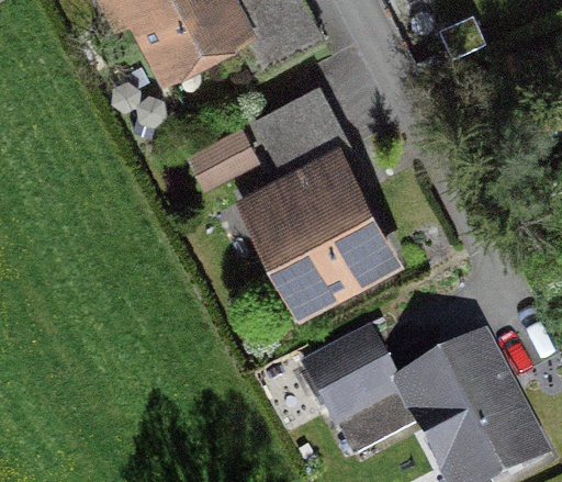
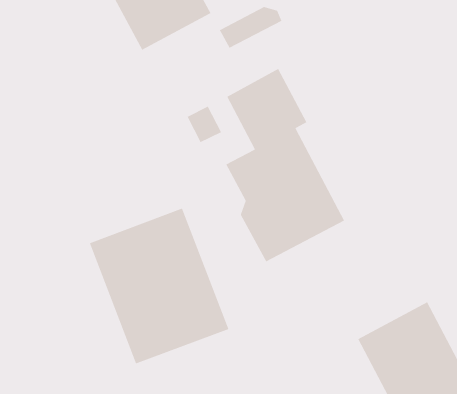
building: none -> [89,208,229,365]
building: [308,337,396,423] -> none

